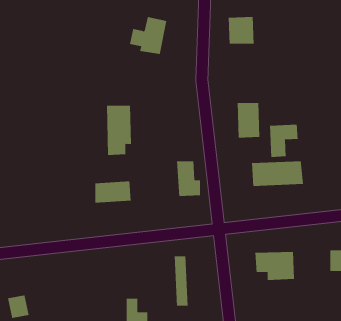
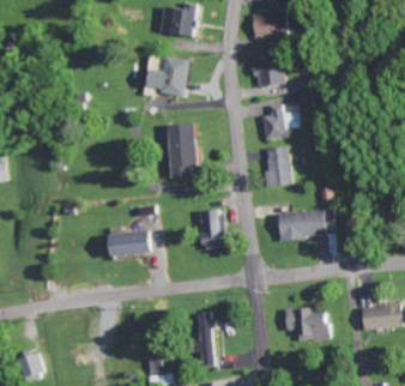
building: none -> [261,104,297,139]
building: [106,105,132,156] -> [168,123,195,177]
building: [269,124,298,158] -> none

